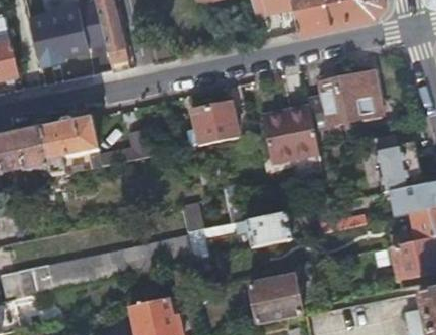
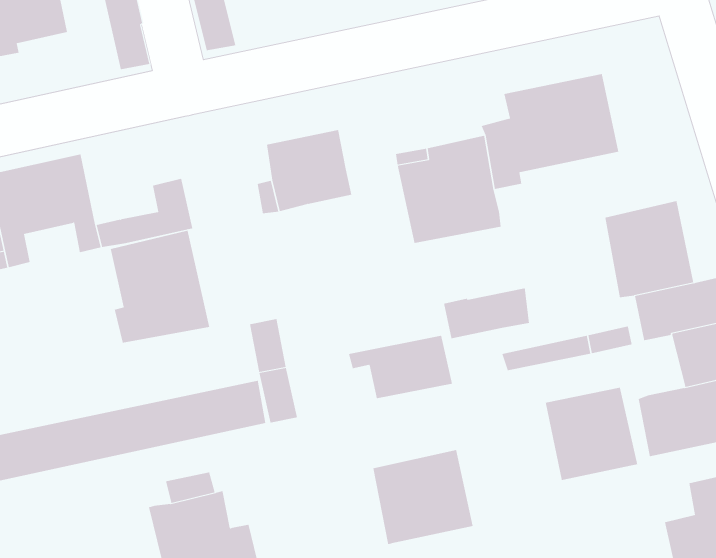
building: none -> [110,230,210,343]
building: none -> [443,288,529,339]
building: none -> [545,387,638,481]

